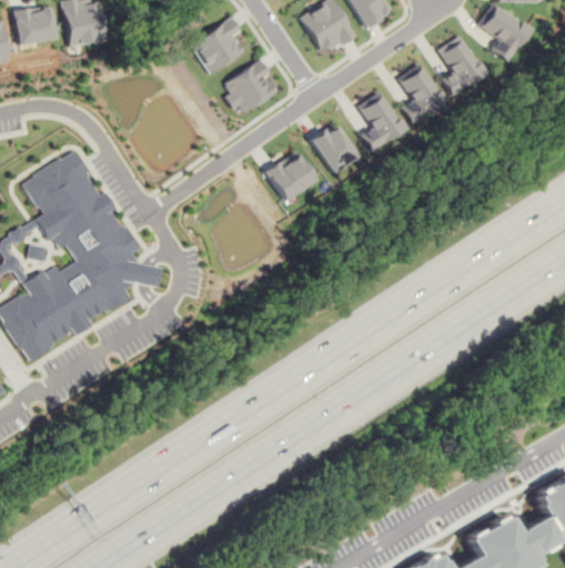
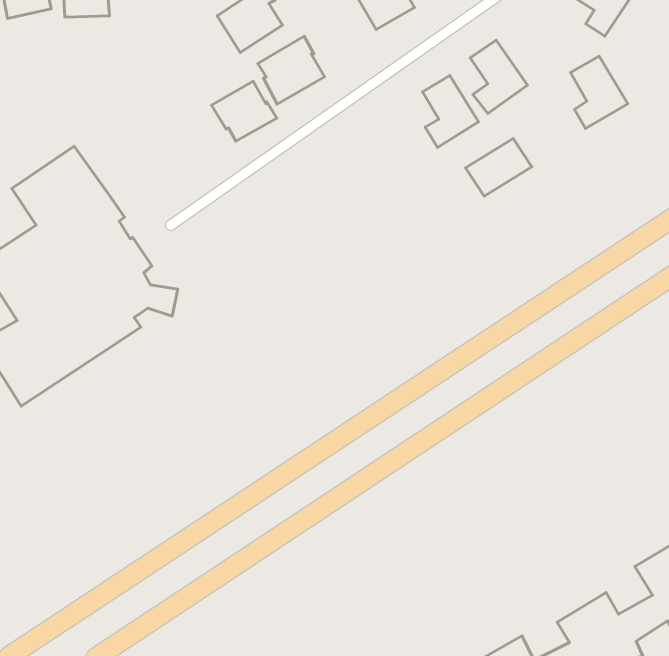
building: [438,37,485,95] -> [571,56,628,128]
building: none -> [211,81,277,141]
building: [312,125,357,173] -> none
building: none -> [466,139,532,196]
building: [266,152,316,201] -> none

